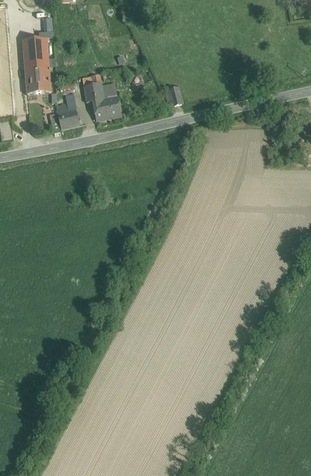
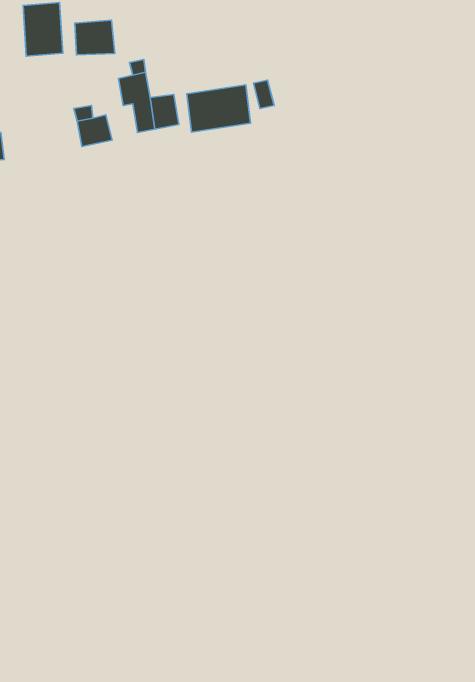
building: [25,69,50,91] -> [75,20,115,55]
building: none -> [187,85,250,132]

